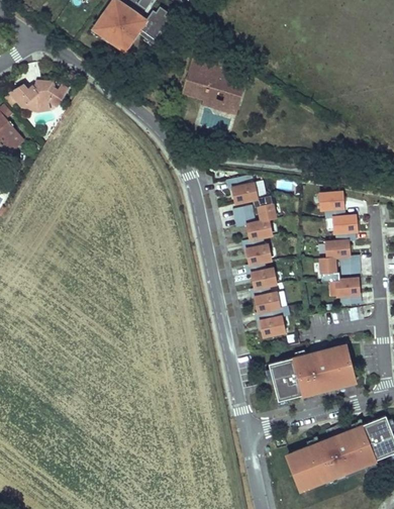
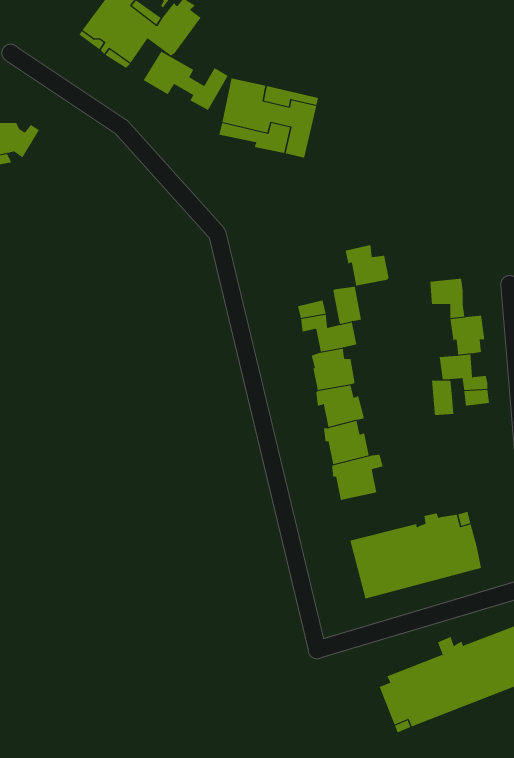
building: none -> [143,51,229,111]
building: [229,176,259,203] -> [345,244,390,286]
building: [337,279,361,304] -> none

